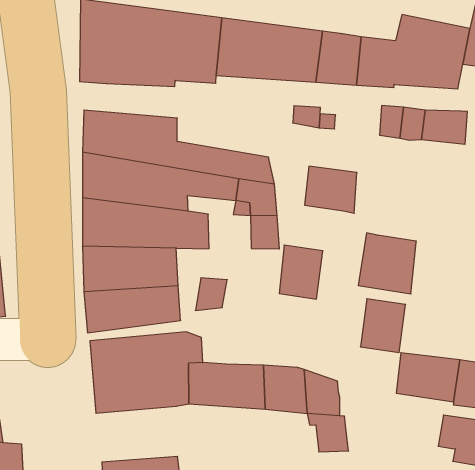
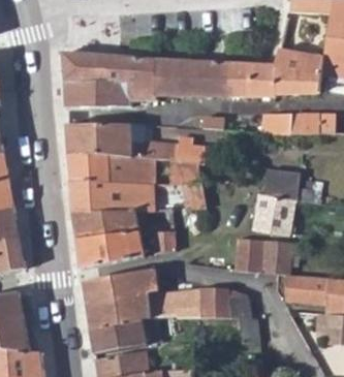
building: [305,166,357,213] -> [268,169,301,198]
building: [279,245,323,299] -> [237,235,263,270]
building: none -> [90,317,148,352]

